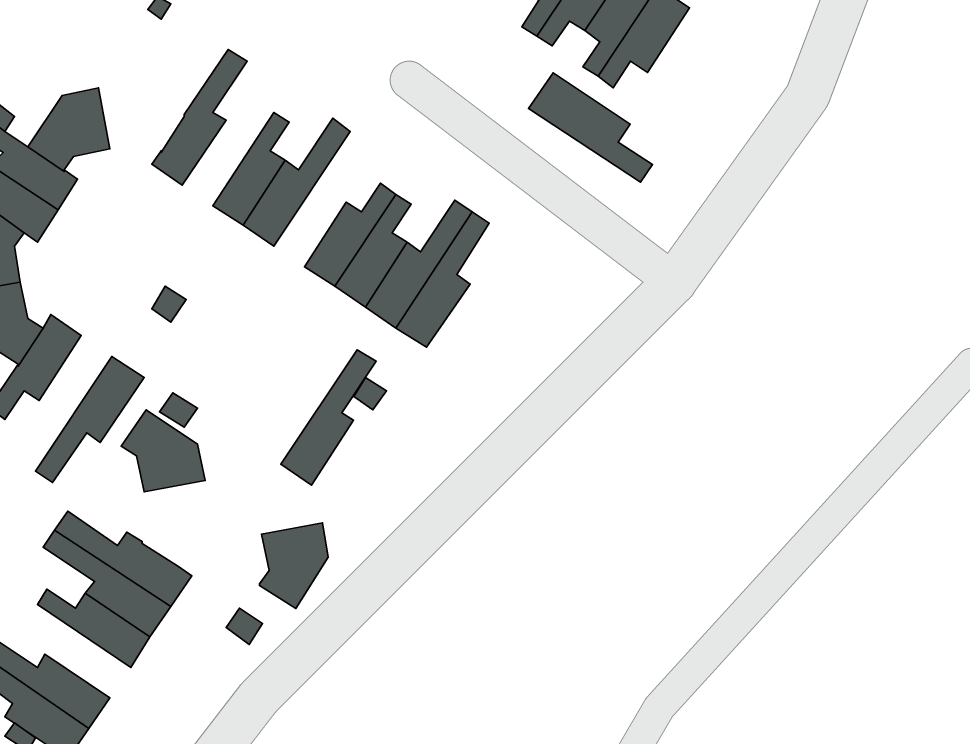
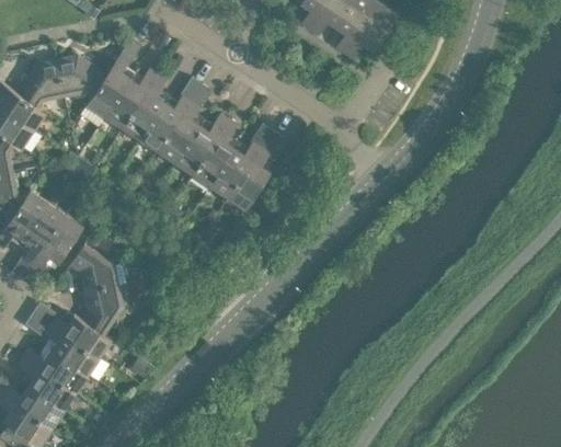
building: [529,73,653,182] -> none
building: none -> [57,56,106,96]
building: none -> [105,68,158,127]
building: none -> [11,202,65,279]
building: [281,350,376,485] -> [158,84,213,162]
building: [260,523,328,609] -> [82,285,122,334]
building: none -> [16,356,76,410]

